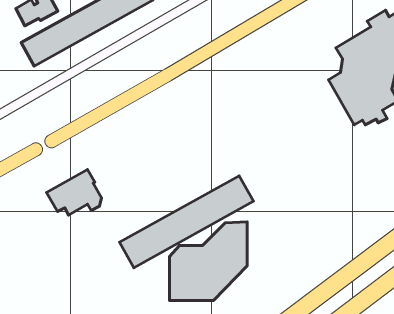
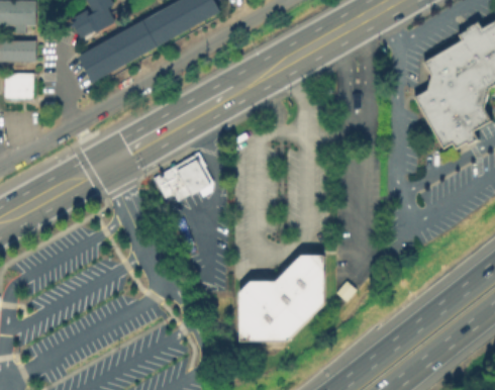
building: [46,169,101,215] -> [153,152,213,202]
building: [119,176,254,268] -> none

